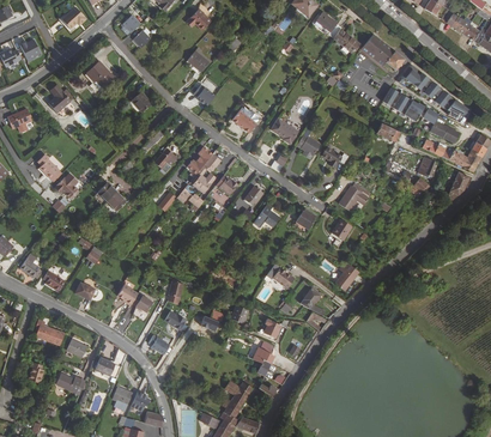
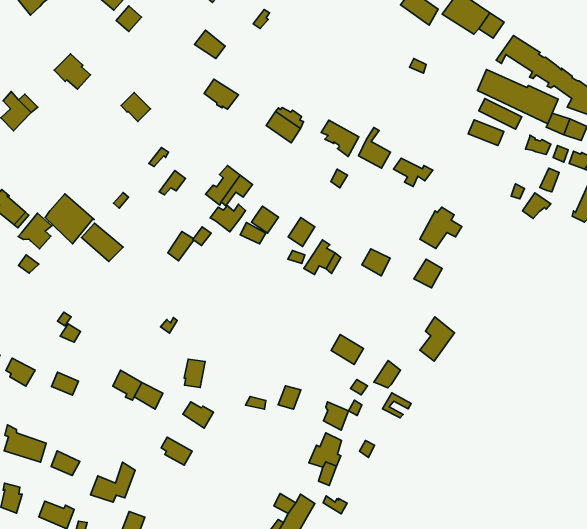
building: none -> [45,194,94,244]

